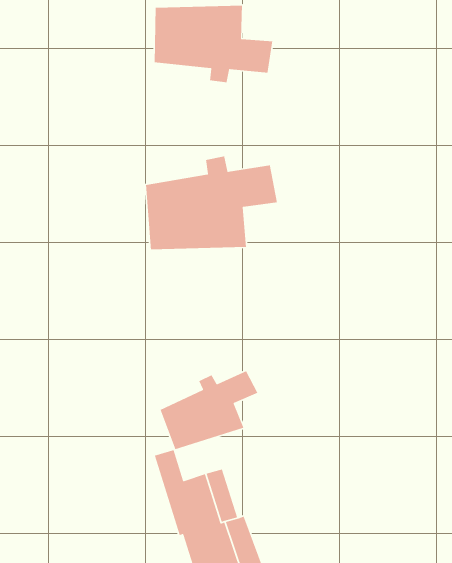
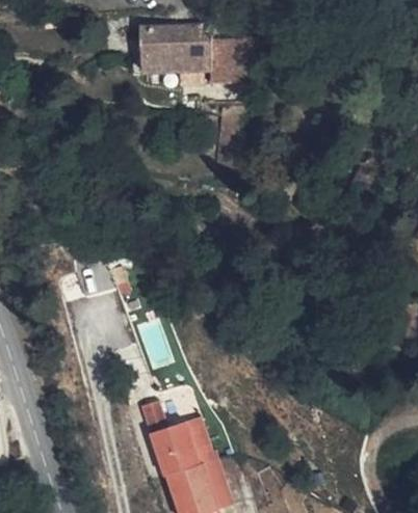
building: [145,156,278,250] -> none
building: [159,370,259,450] -> none

